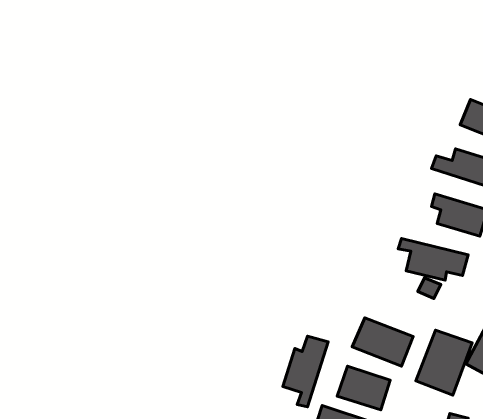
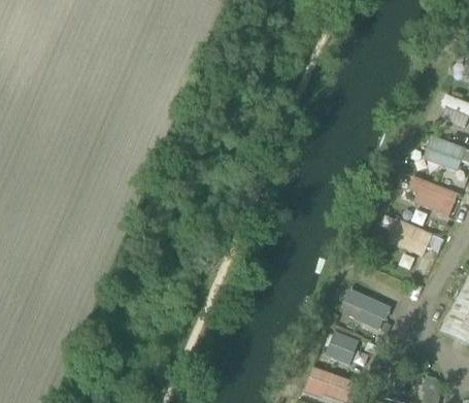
building: [416,330,472,395] -> none
building: [283,336,328,407] -> none

